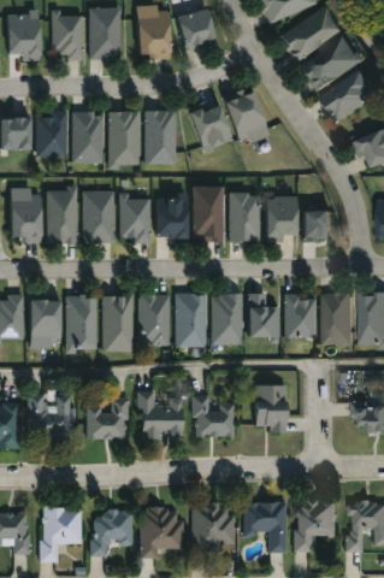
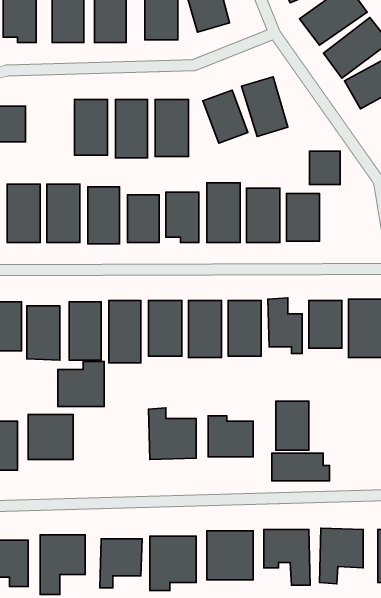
building: [37,111,66,155] -> none
building: [303,210,331,240] -> [310,151,340,184]
building: [88,399,130,440] -> [58,362,104,407]
building: none -> [272,453,330,481]

